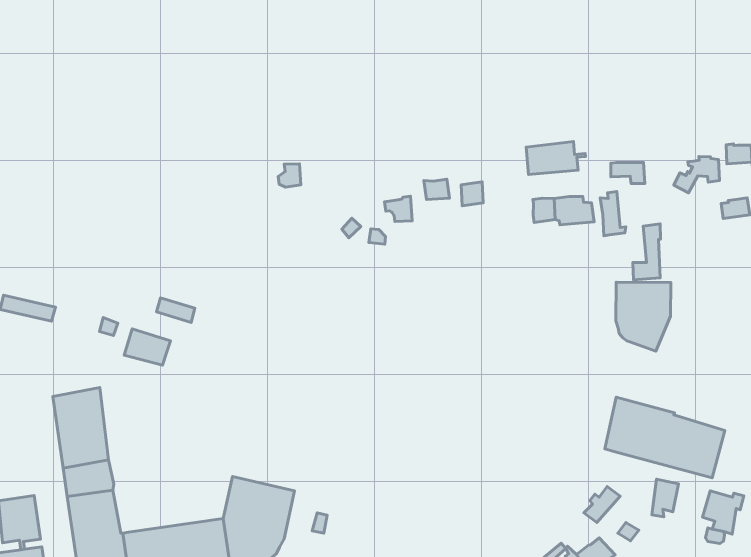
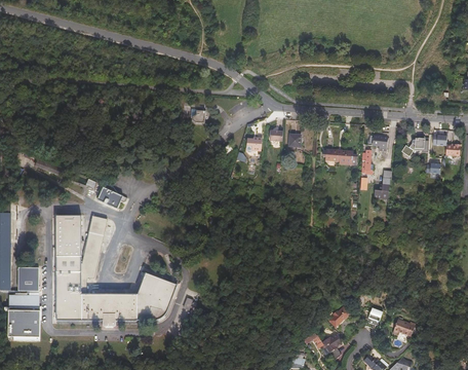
building: [526,142,586,174] -> none
building: [616,282,671,351] -> none
building: none -> [81,215,108,294]
building: [605,397,725,478] -> none

